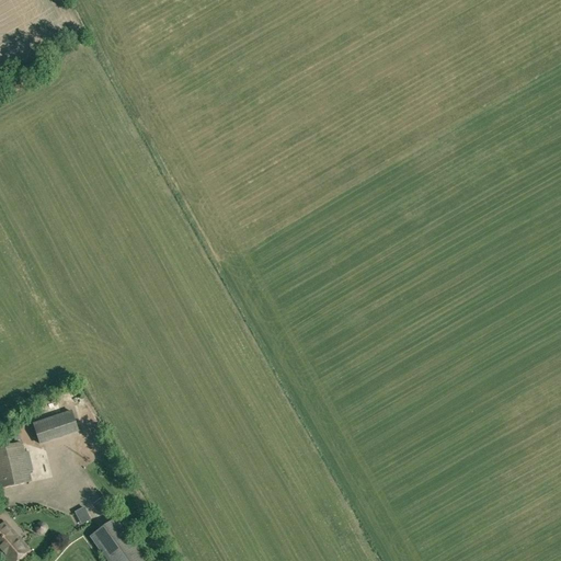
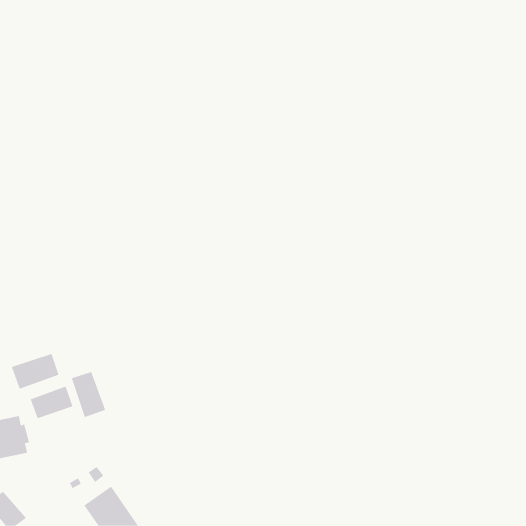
building: none -> [11,353,59,390]
building: none -> [71,371,106,418]

